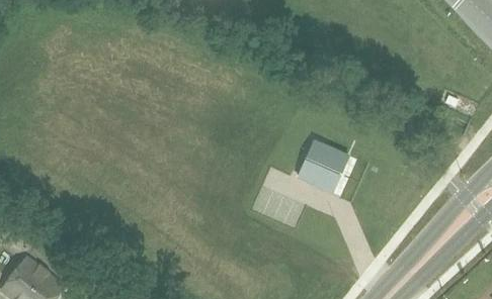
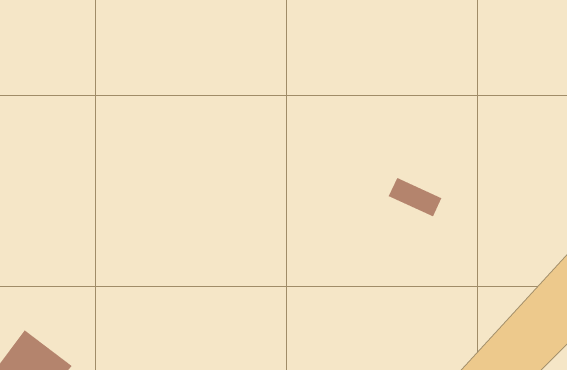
building: [298,160,339,191] -> none

